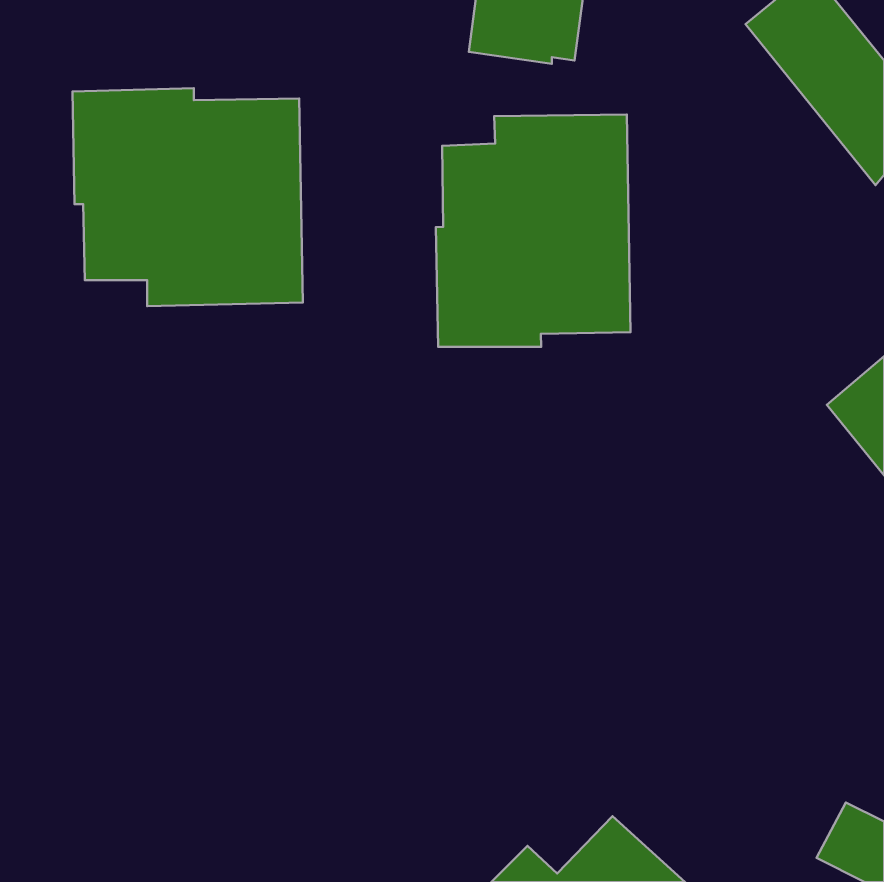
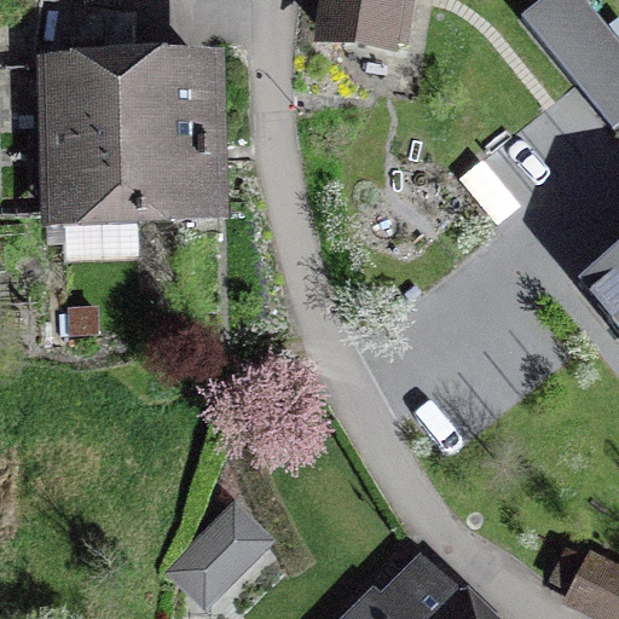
building: [436,115,630,347] -> none
building: none -> [167,497,283,608]

